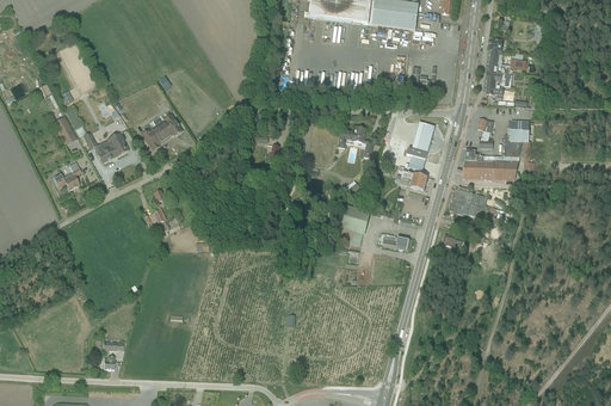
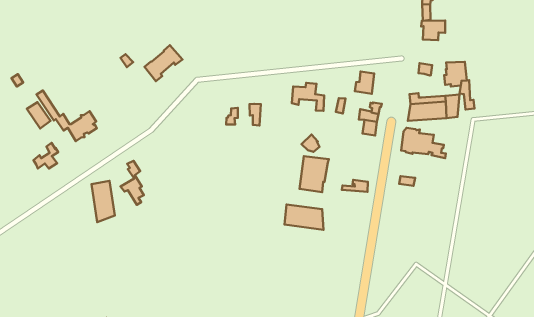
building: [141,113,183,150] -> [144,45,183,81]
building: none -> [92,181,115,222]
building: none -> [284,204,323,230]

